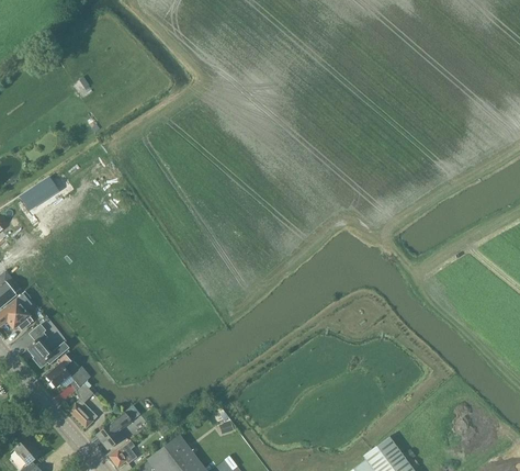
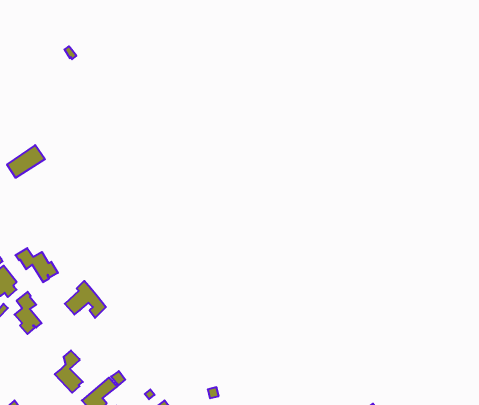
building: none -> [15,248,58,282]
building: [46,355,88,392] -> [65,281,106,318]

